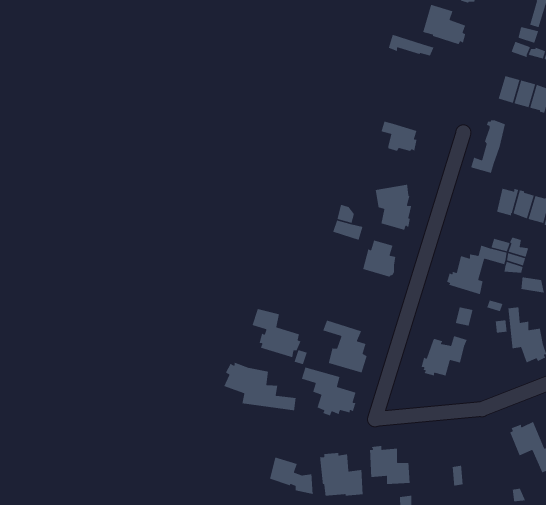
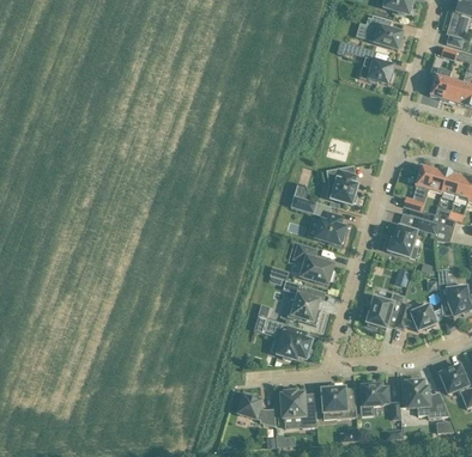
building: [470,118,506,174] -> [404,164,434,211]
building: [381,120,418,152] -> [363,56,394,83]
building: [251,308,301,358] -> [294,243,335,285]
building: none -> [395,301,437,330]
building: [223,361,297,411] -> none
building: none -> [406,379,450,418]
building: none -> [361,380,389,416]

